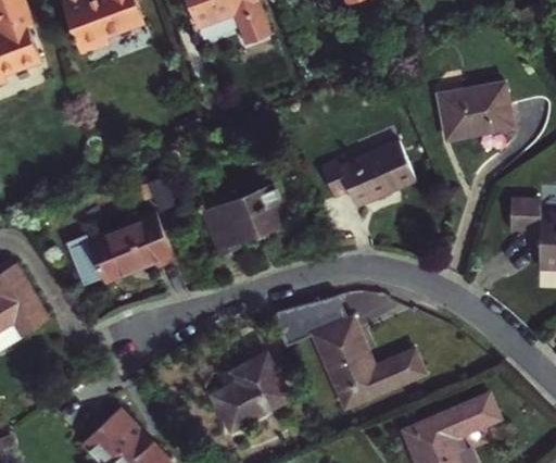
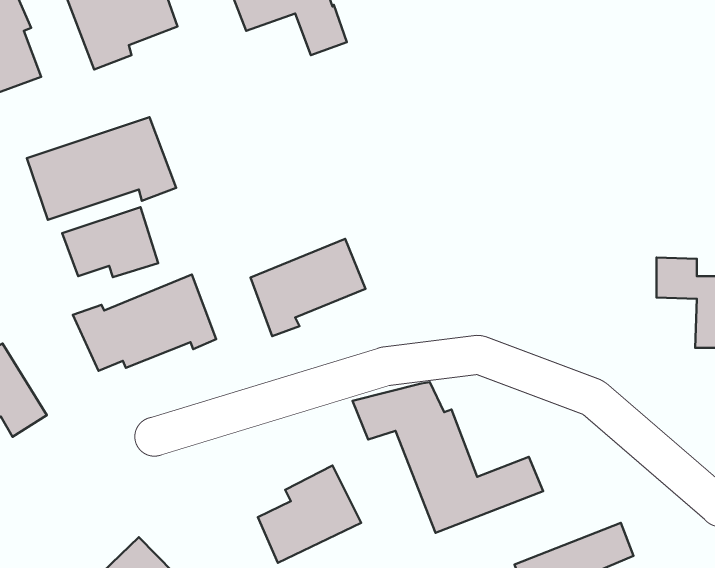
building: [434,84,506,139] -> none
building: none -> [27,117,176,220]
building: [331,134,422,195] -> none
building: none -> [62,207,158,277]

